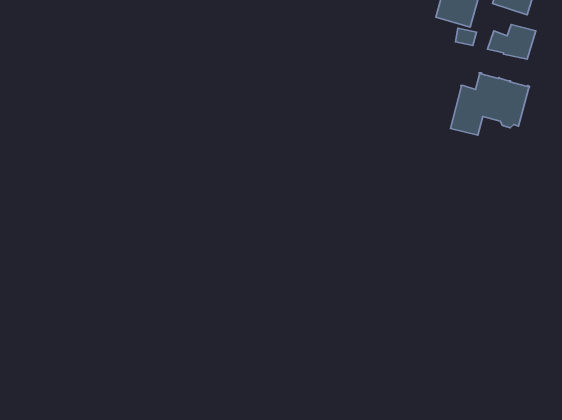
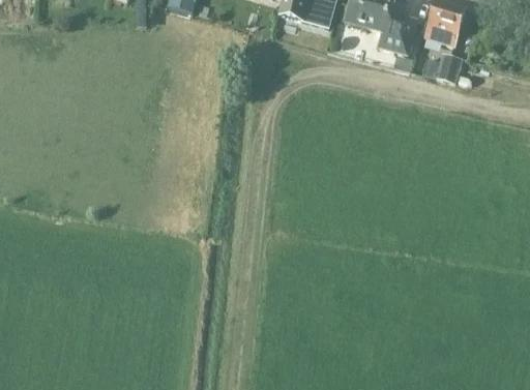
building: [450,73,530,135] -> none

